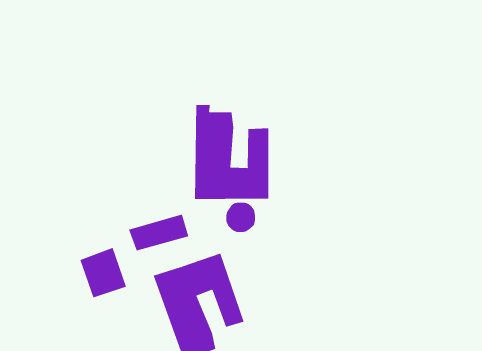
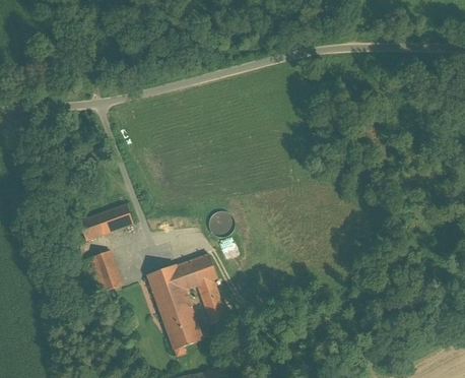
building: [194,104,269,200] -> none
building: [128,214,189,251] -> [77,203,132,237]

